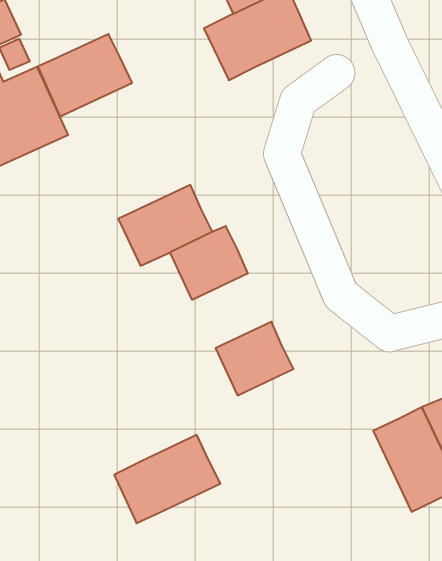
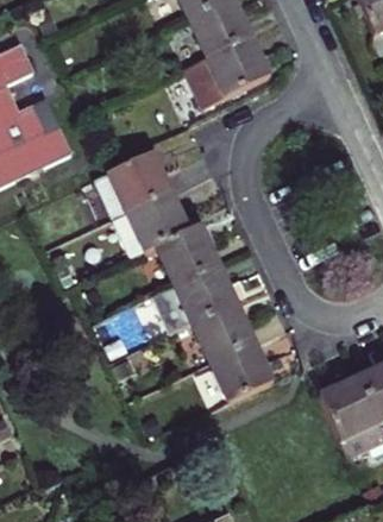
building: [38,34,132,117] -> [95,152,171,219]
building: none -> [209,340,274,402]
building: [114,435,220,523] -> [151,263,237,334]

